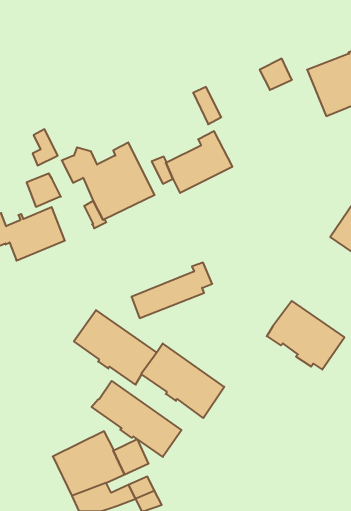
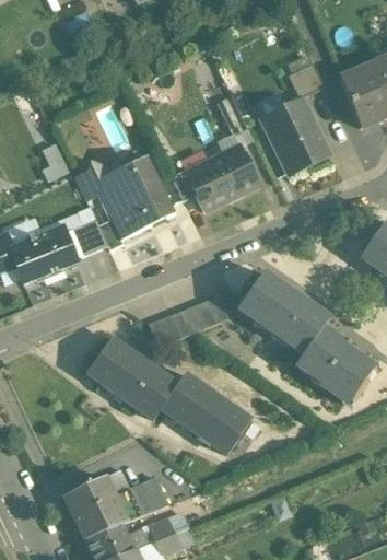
building: none -> [262,101,327,171]
building: [27,173,61,207] -> [70,218,107,254]
building: none -> [236,271,328,353]
building: [92,381,181,457] -> none

